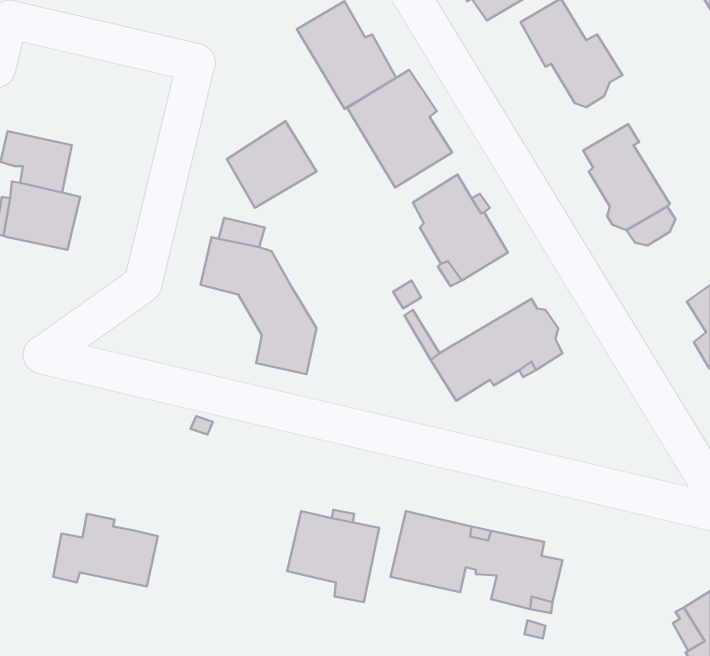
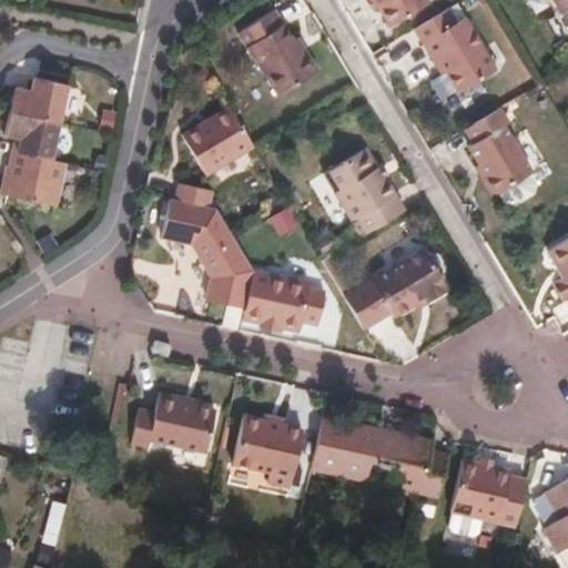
building: [347,70,452,187] -> none
building: none -> [8,79,67,124]
building: none -> [243,270,324,329]
building: [53,514,158,587] -> [140,392,223,449]
building: none -> [450,457,526,525]

